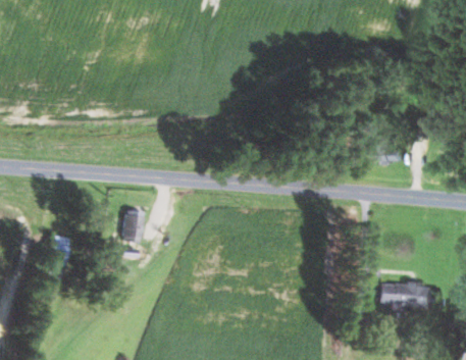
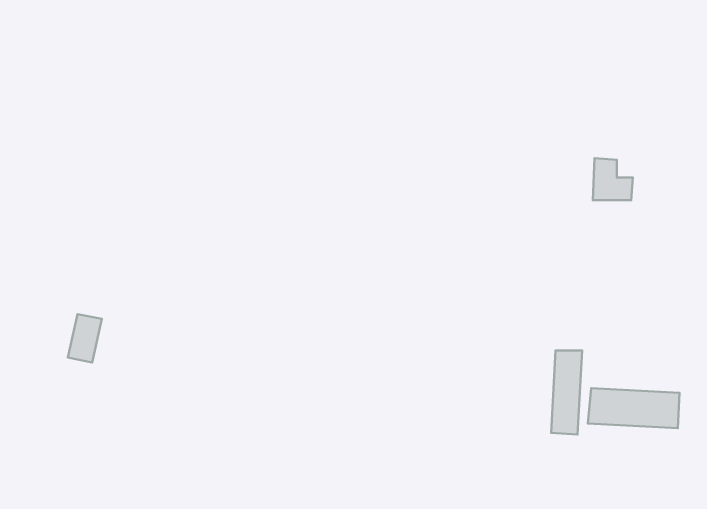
building: [120,212,143,244] -> none
building: none -> [551,350,582,435]

